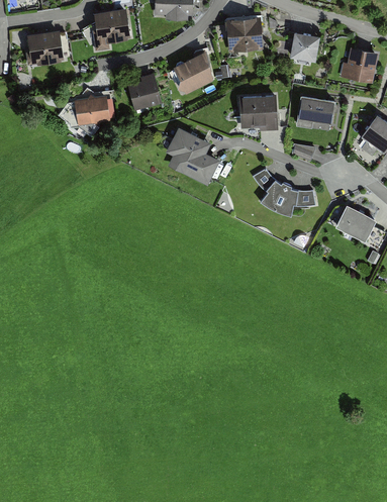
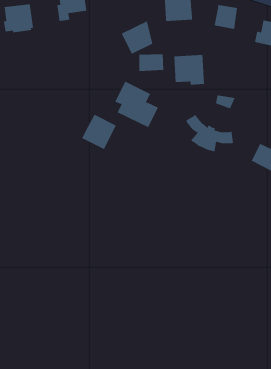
building: [127,72,162,109] -> none
building: none -> [139,53,164,72]
building: [74,95,110,125] -> none
building: [296,98,335,130] -> none
building: none -> [82,114,117,150]

